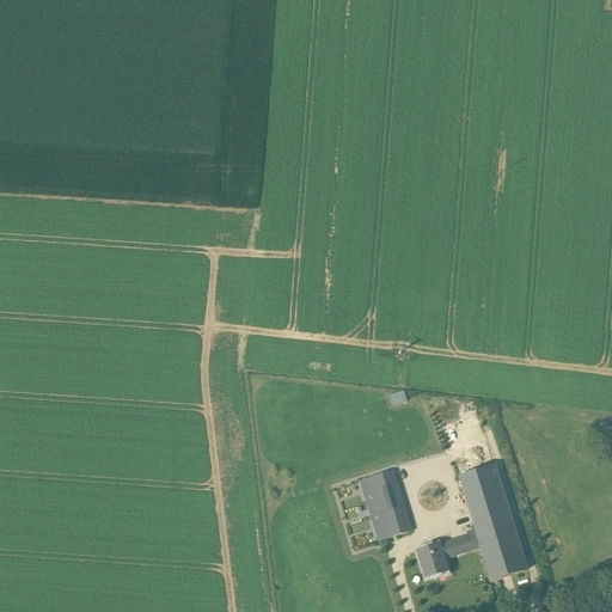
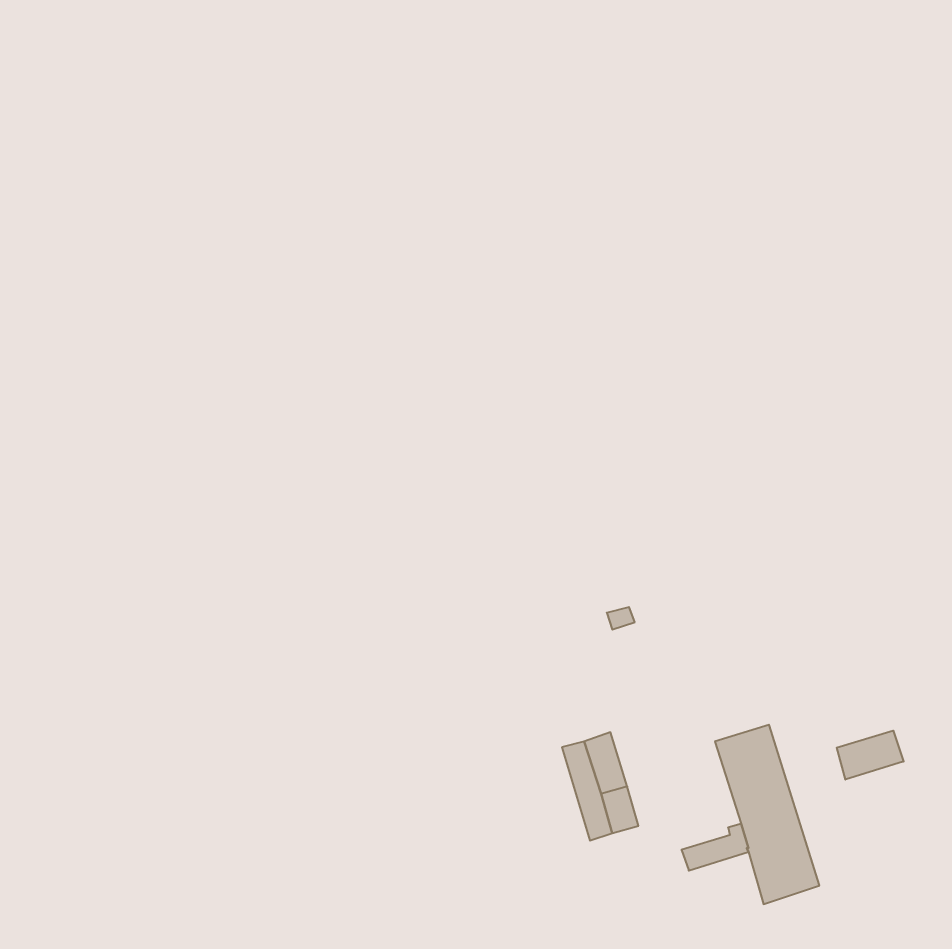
building: none -> [837,731,904,780]
building: [417,544,446,576] -> none

